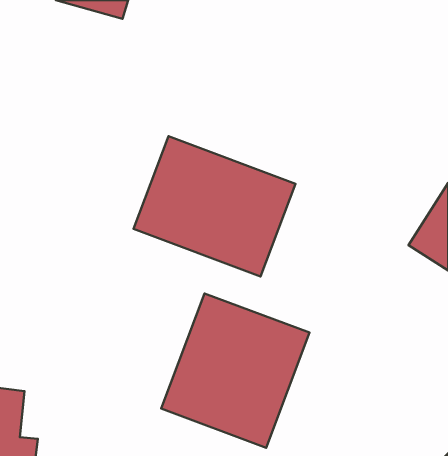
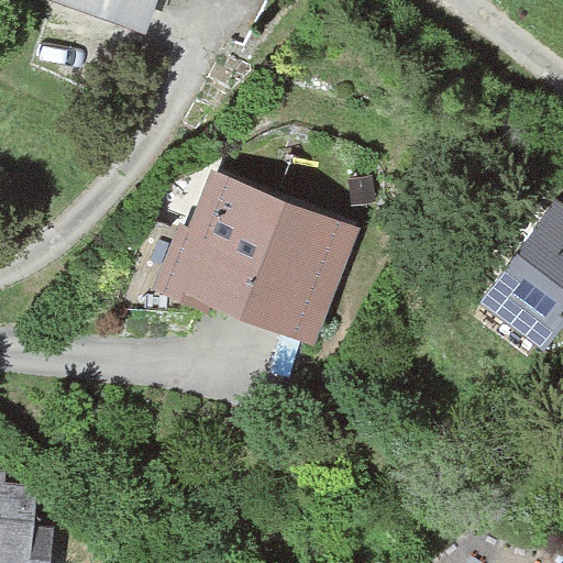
building: [161,293,309,448] -> none

